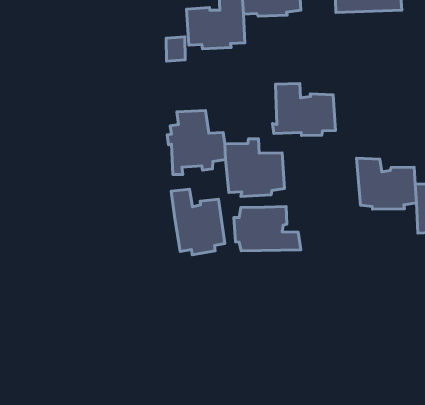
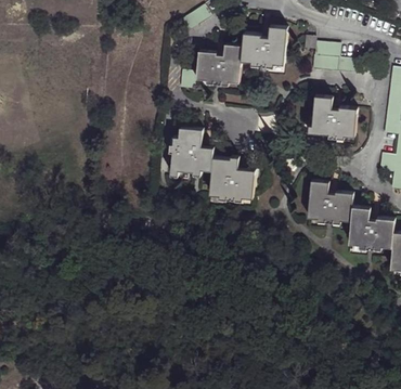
building: [272,84,336,135] -> [307,96,355,140]
building: [171,189,225,255] -> none
building: [234,206,301,251] -> none

